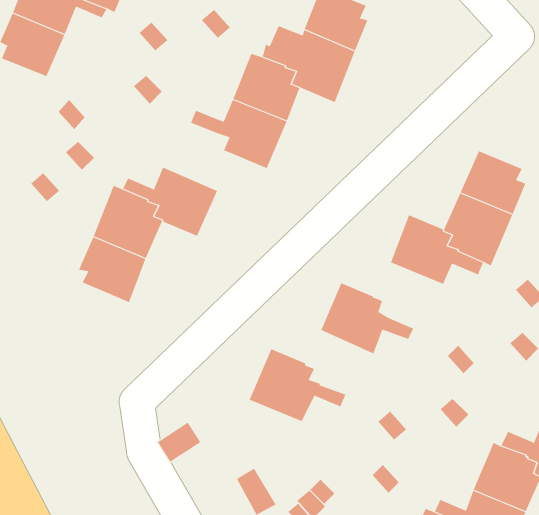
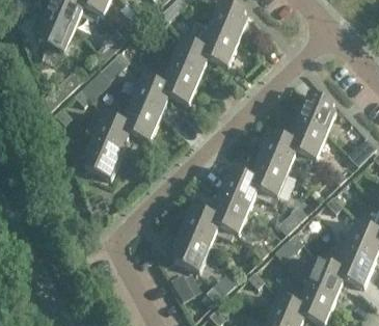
building: none -> [129,76,168,116]
building: none -> [248,157,288,196]
building: none -> [210,195,248,234]
building: none -> [170,235,208,272]

